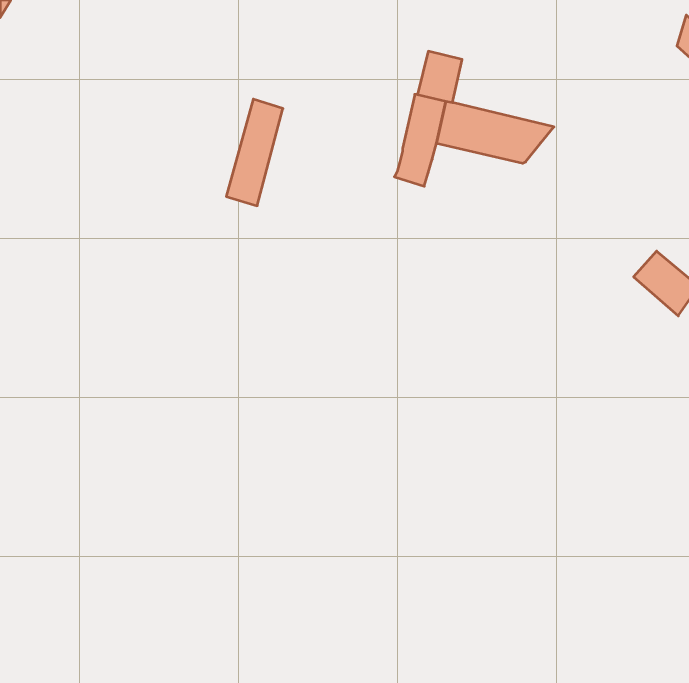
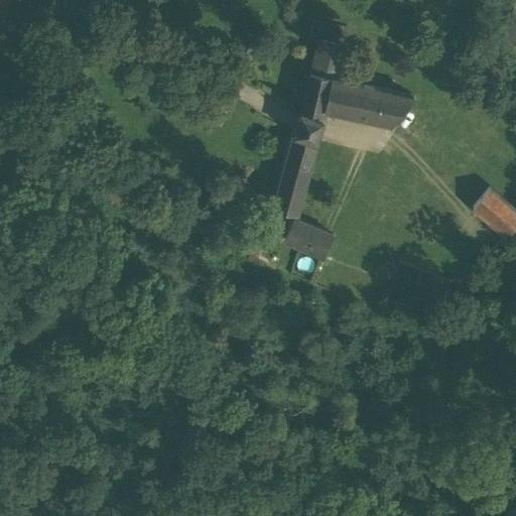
building: [226,99,283,206] -> [275,137,317,217]
building: none -> [284,221,335,260]

